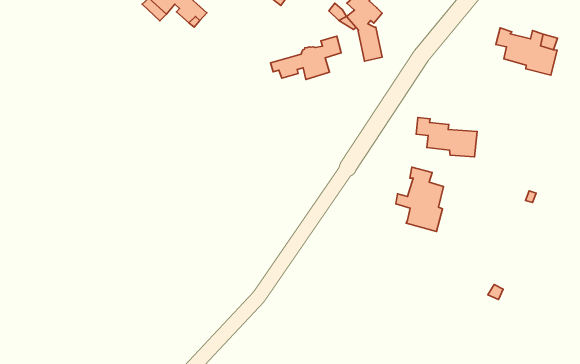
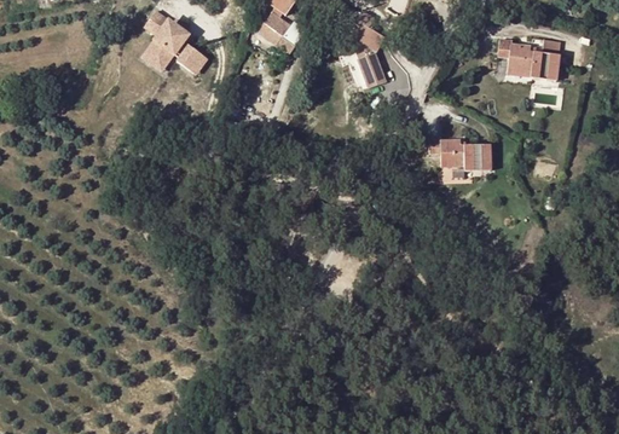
building: [270,36,341,79] -> none
building: [396,167,444,232] -> none

